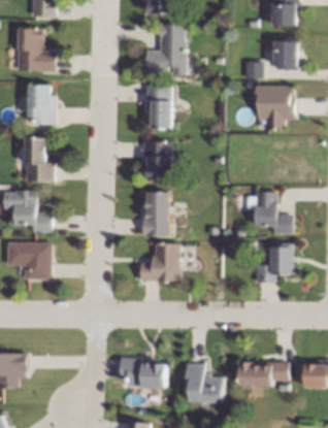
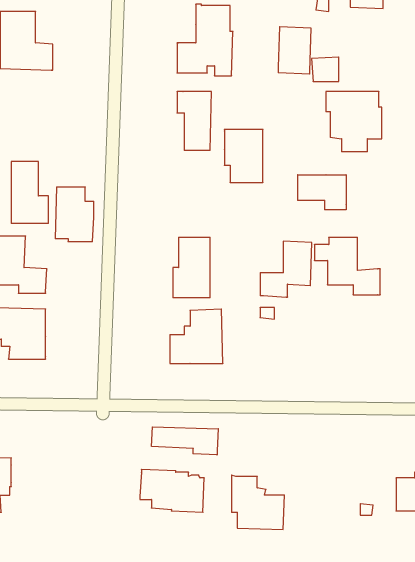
building: [274,36,298,70] -> [278,27,311,74]
building: [29,85,57,124] -> [55,187,94,242]
building: [143,141,171,179] -> [224,129,263,182]
building: none -> [298,175,346,210]
building: [256,242,293,283] -> [260,241,312,297]
building: none -> [152,427,218,455]
building: [238,360,288,386] -> none

